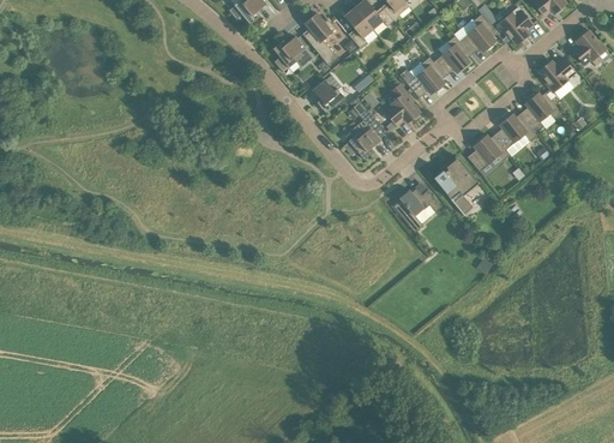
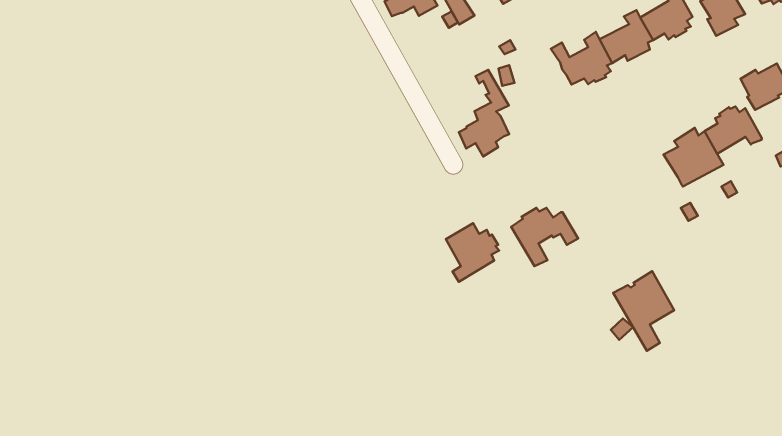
building: [313,73,345,110] -> none
building: [384,82,420,125] -> none
building: [468,133,510,169] -> none
building: [433,156,478,214] -> [613,271,674,351]
building: none -> [446,223,499,282]

